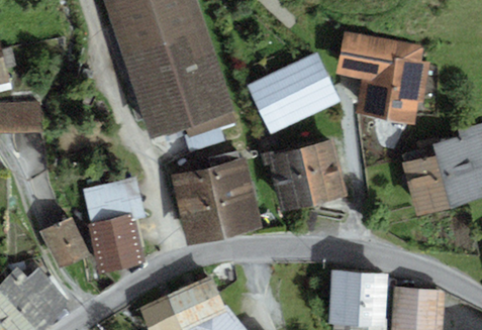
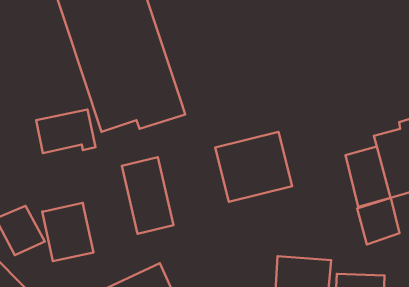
building: [336,32,429,124] -> none
building: [248,52,340,134] -> none
building: [208,157,262,237] -> none
building: [83,178,144,223] -> [36,109,95,153]
building: none -> [357,198,400,244]

